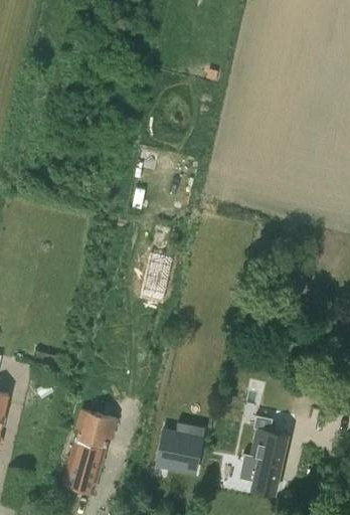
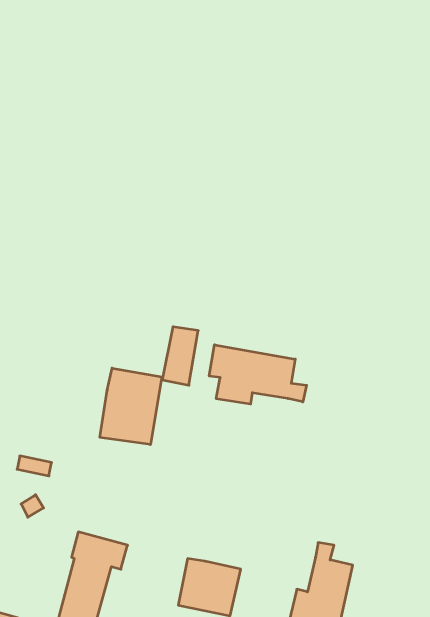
building: none -> [209,345,307,404]
building: none -> [100,368,162,445]

